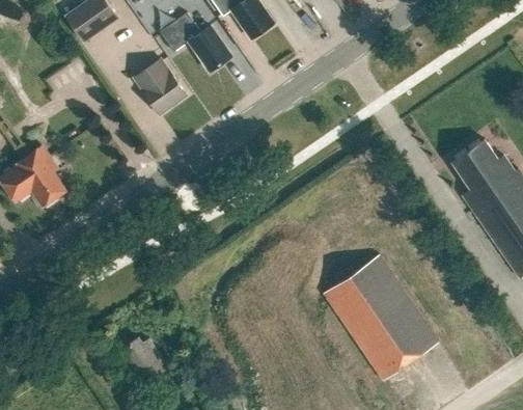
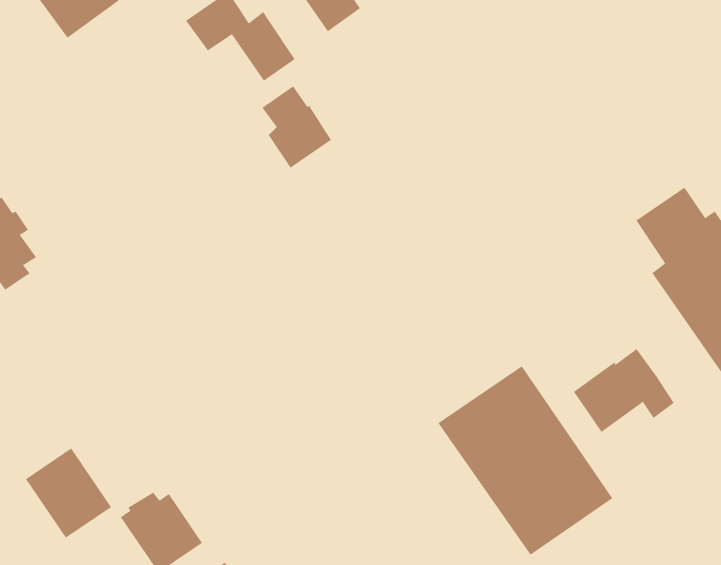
building: [140,58,186,112] -> [262,86,332,169]
building: none -> [573,348,674,433]
building: none -> [25,448,112,539]

